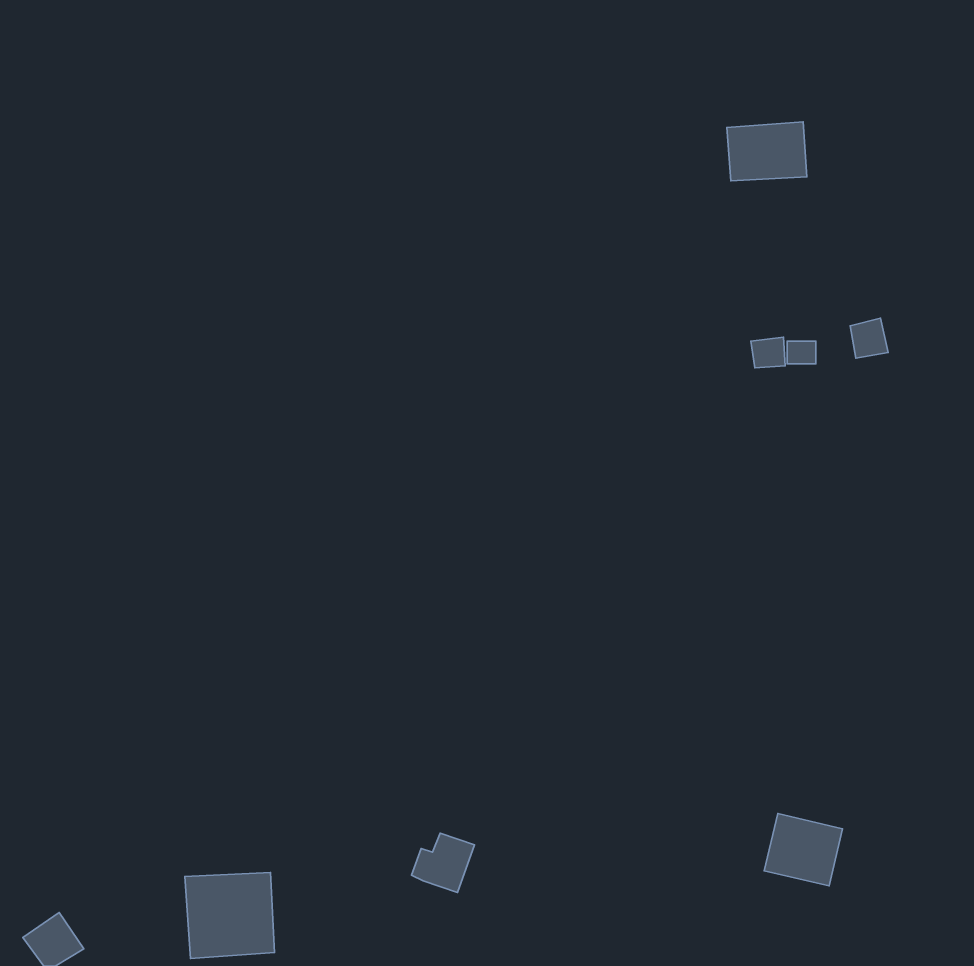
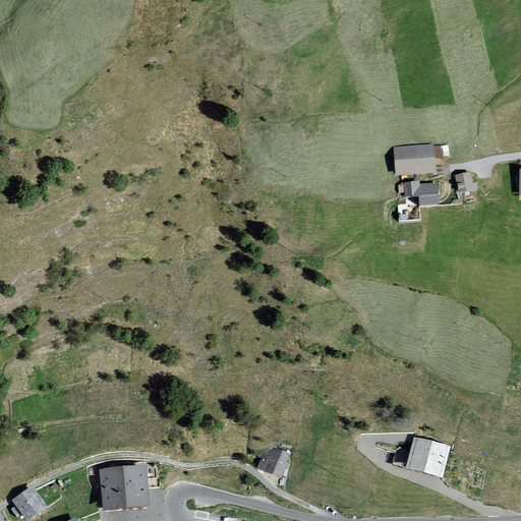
building: [727,122,807,181] -> [392,142,435,174]
building: [412,833,475,892] -> [256,445,290,476]

